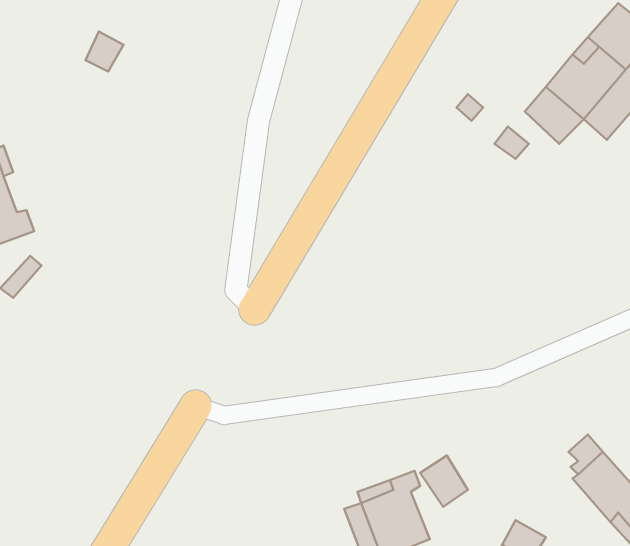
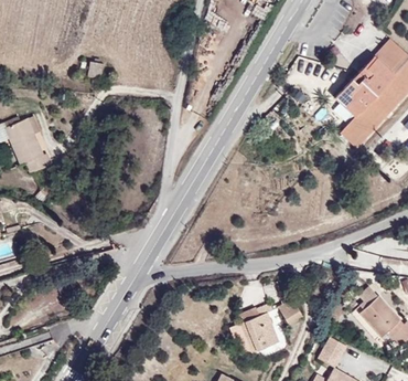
building: none -> [340,104,384,147]

